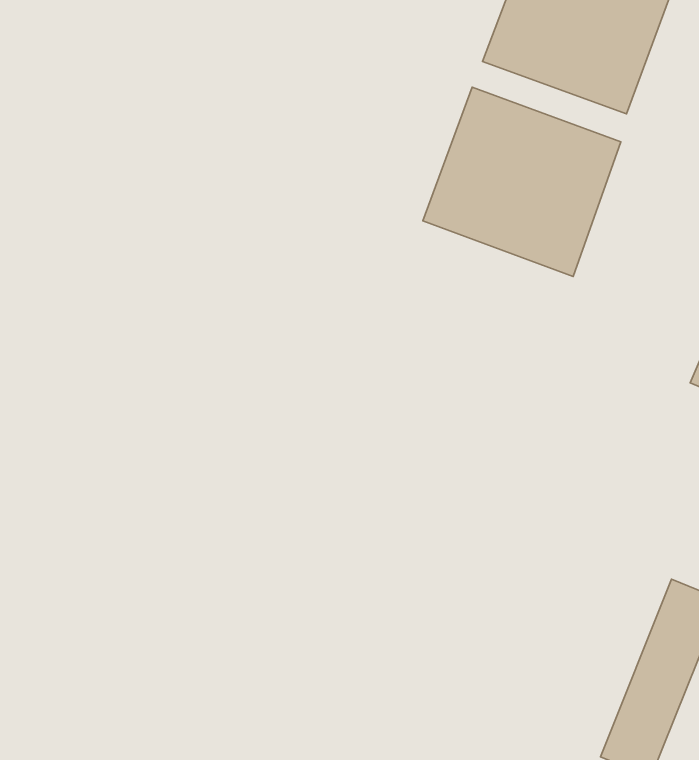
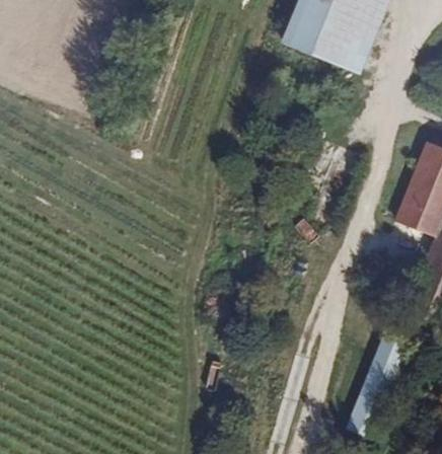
building: [423,87,621,276] -> none

